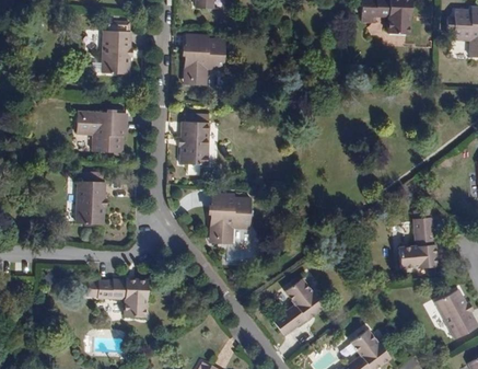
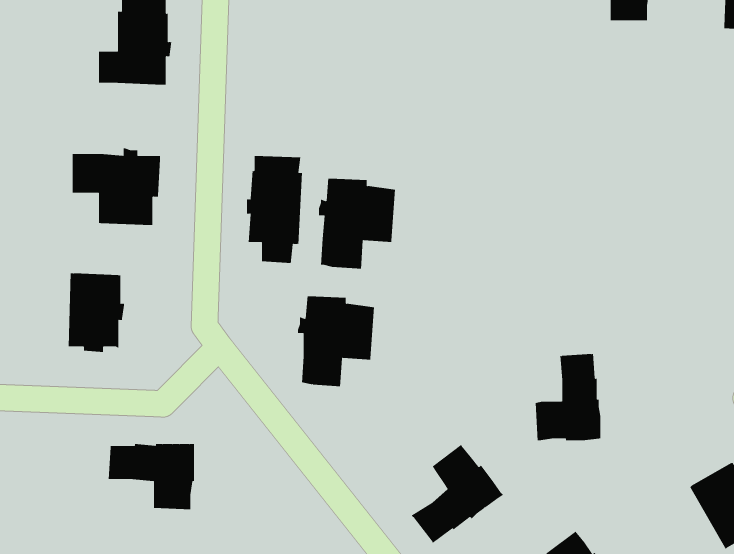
building: [182,34,226,87] -> [318,178,396,269]
building: [398,216,436,266] -> [535,354,601,441]

